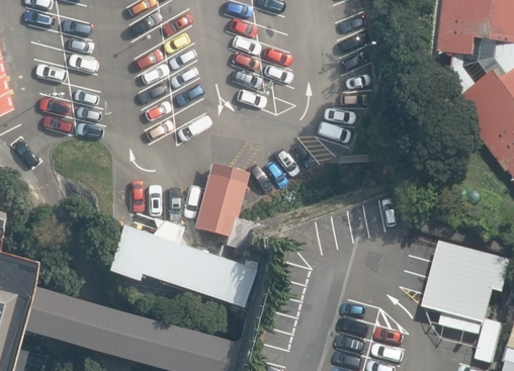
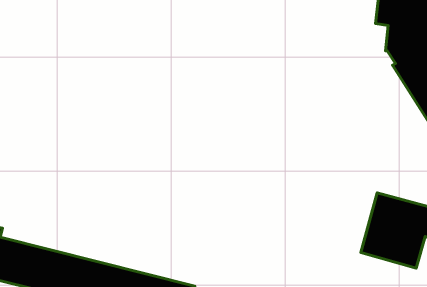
building: [194,161,260,252] -> none
building: [106,218,255,306] -> none

